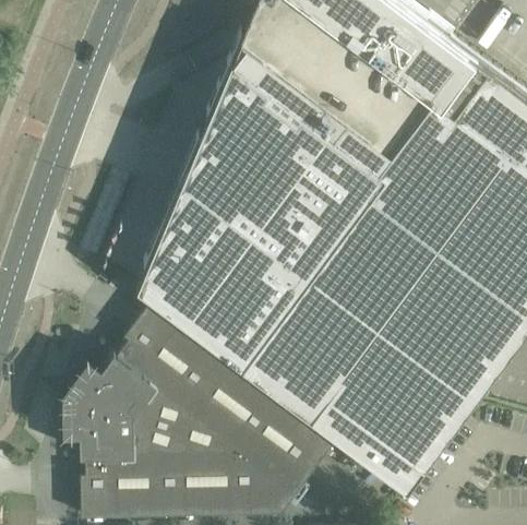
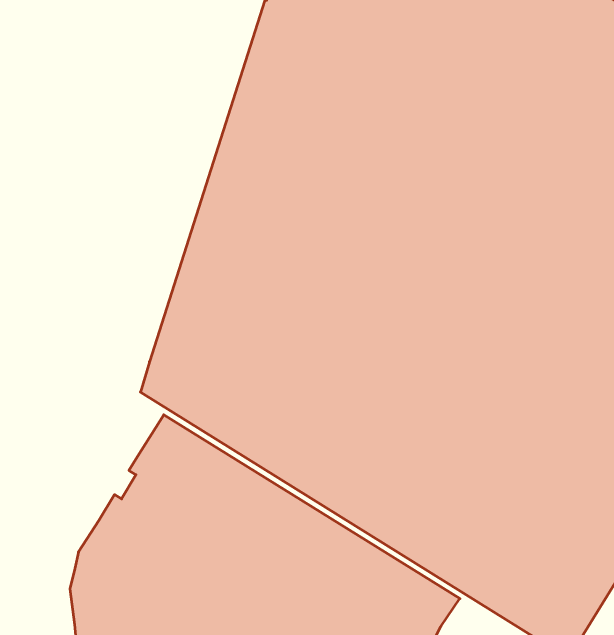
building: [62,369,101,446] -> none

